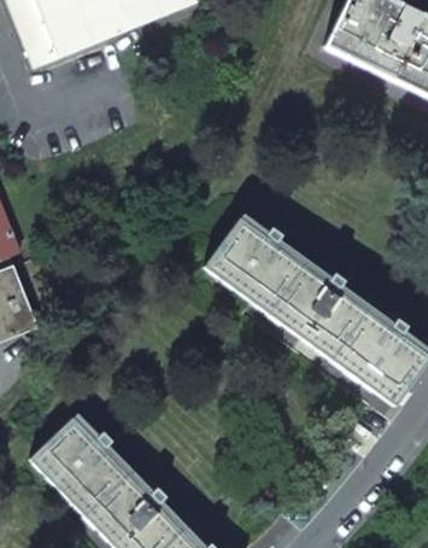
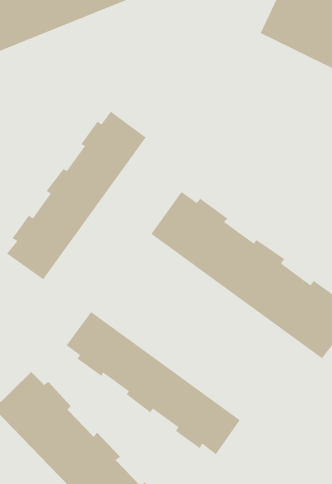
building: none -> [6,111,147,280]
building: none -> [66,311,241,455]

